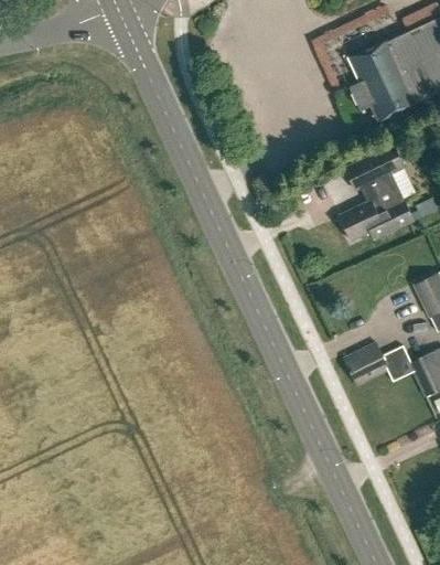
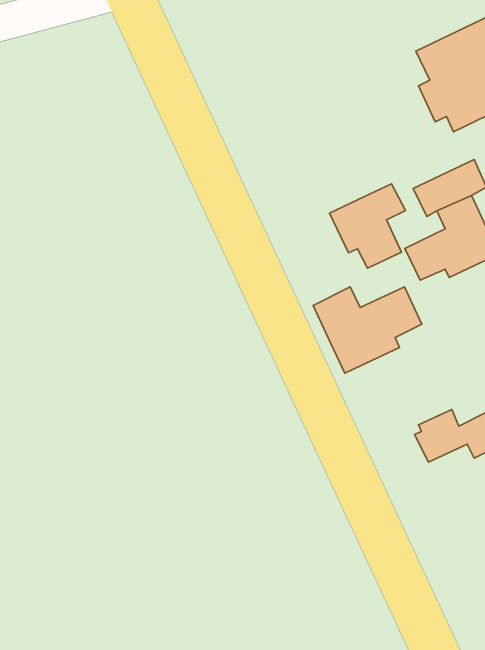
building: none -> [330,184,405,268]
building: none -> [313,287,422,373]

